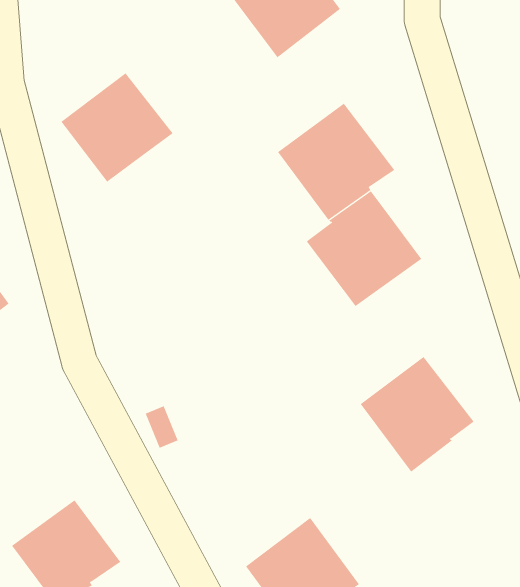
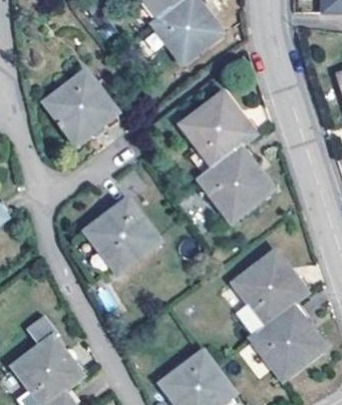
building: none -> [80,198,155,273]
building: none -> [248,303,321,378]

